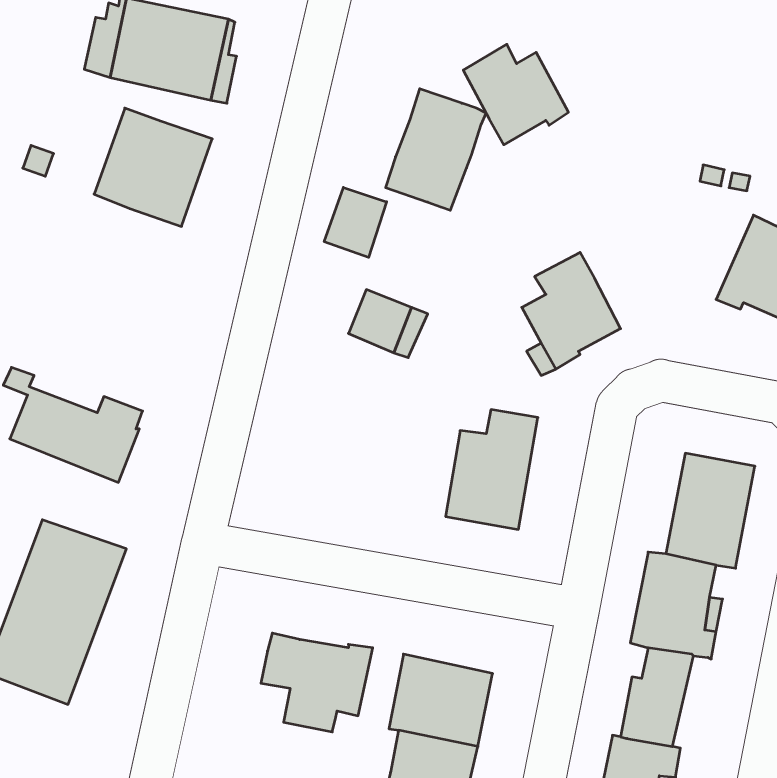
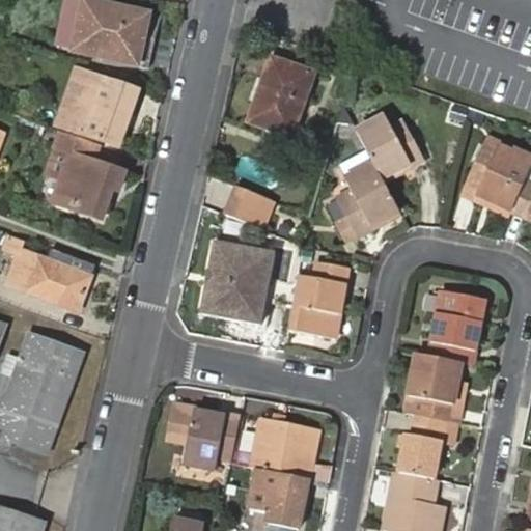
building: [463,44,568,145] -> [357,114,424,178]
building: [324,187,387,257] -> none
building: none -> [53,129,124,217]
building: none -> [200,242,274,325]

